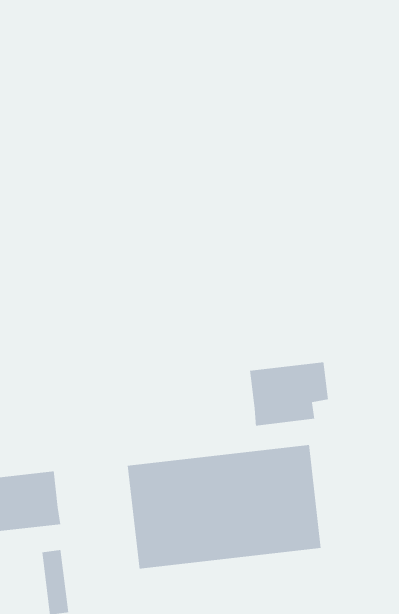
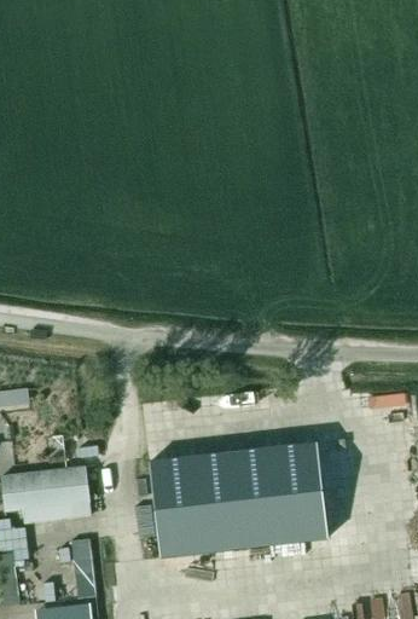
building: [249,361,328,426] -> none

